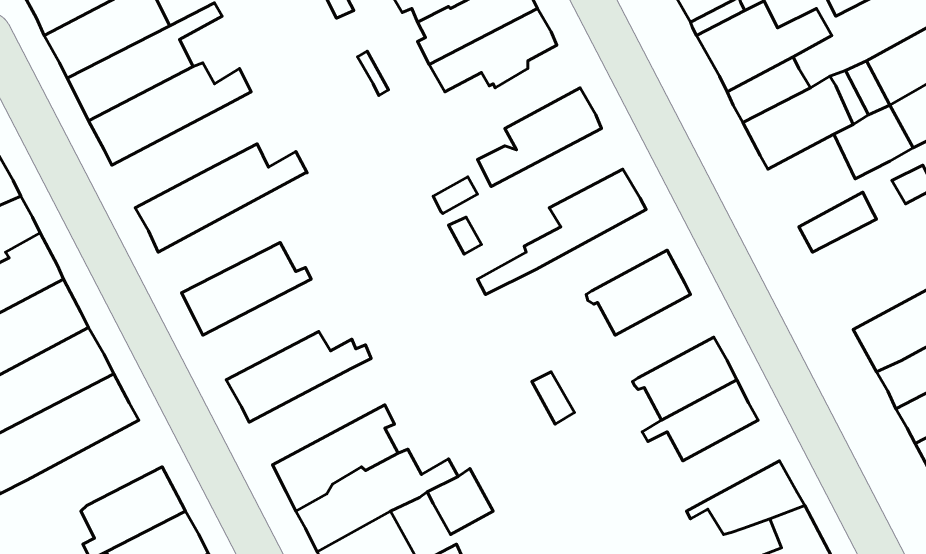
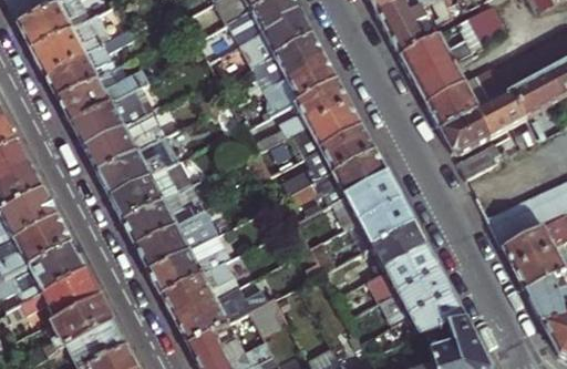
building: none -> [264,57,338,117]
building: none -> [70,91,143,150]
building: none -> [287,104,362,155]
building: none -> [445,107,495,150]
building: none -> [96,130,186,198]
building: none -> [312,151,388,198]
building: none -> [122,186,205,248]
building: none -> [354,199,414,247]
building: none -> [148,242,226,297]
building: none -> [21,271,99,320]
building: none -> [386,271,452,318]

